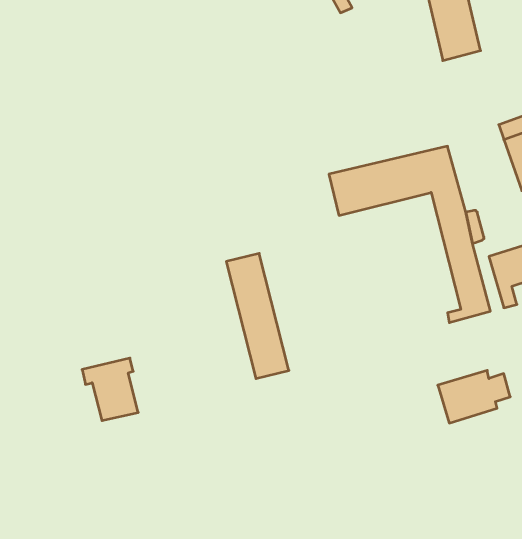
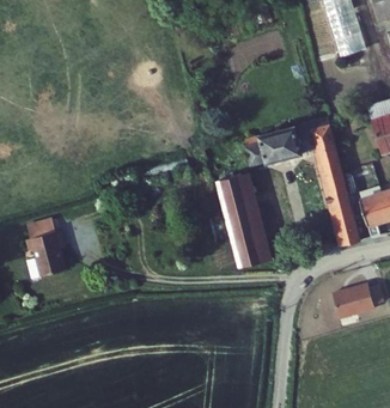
building: [226,253,289,379] -> [223,183,268,274]
building: [82,358,138,421] -> [20,231,61,276]

